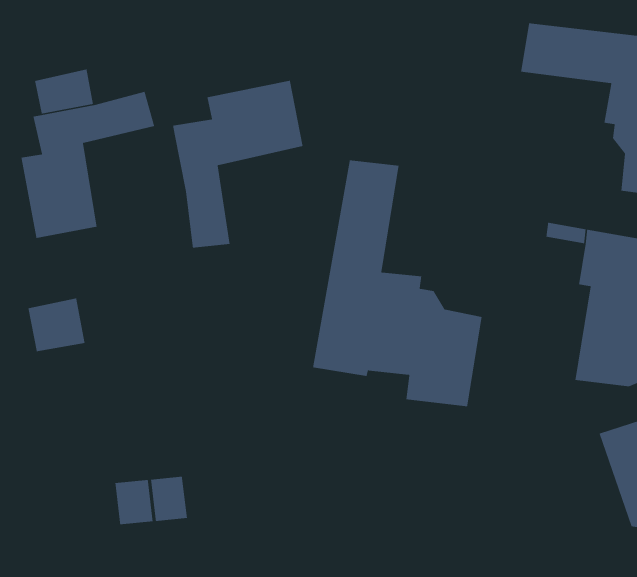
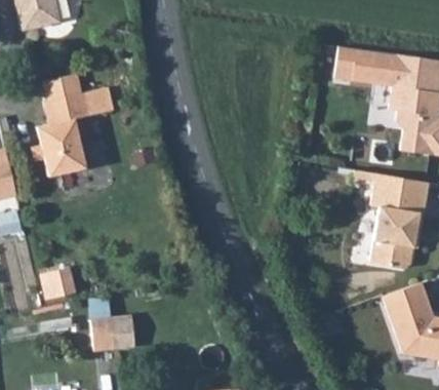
building: [172,80,303,248] -> none
building: [312,160,482,407] -> none
building: [28,298,85,352] -> [42,264,77,297]

